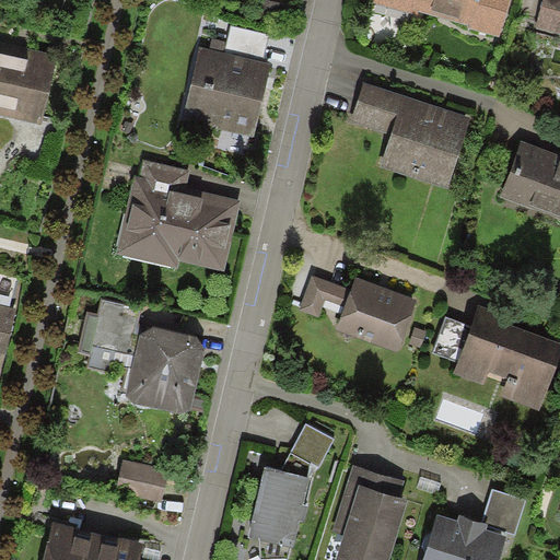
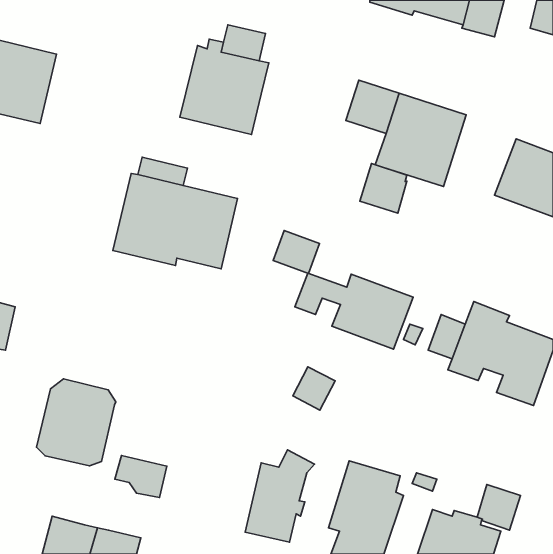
building: none -> [360,164,407,213]
building: none -> [273,230,320,273]
building: [92,299,138,353] -> none
building: [125,326,205,413] -> [37,379,116,466]
building: [290,424,332,468] -> [293,367,335,410]

